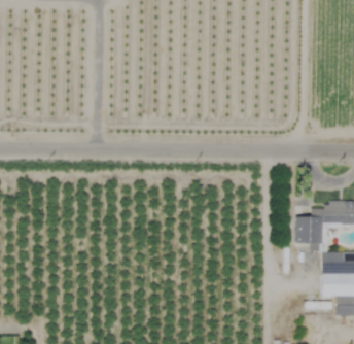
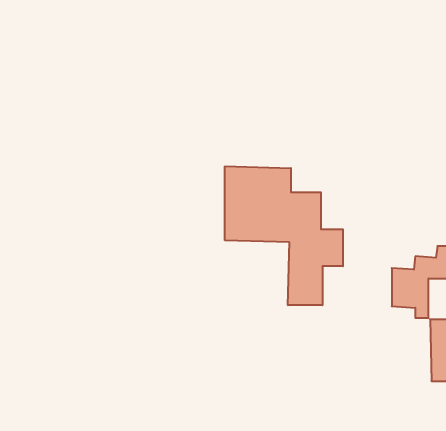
building: none -> [225,166,343,305]

